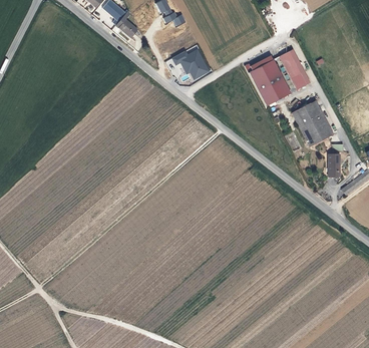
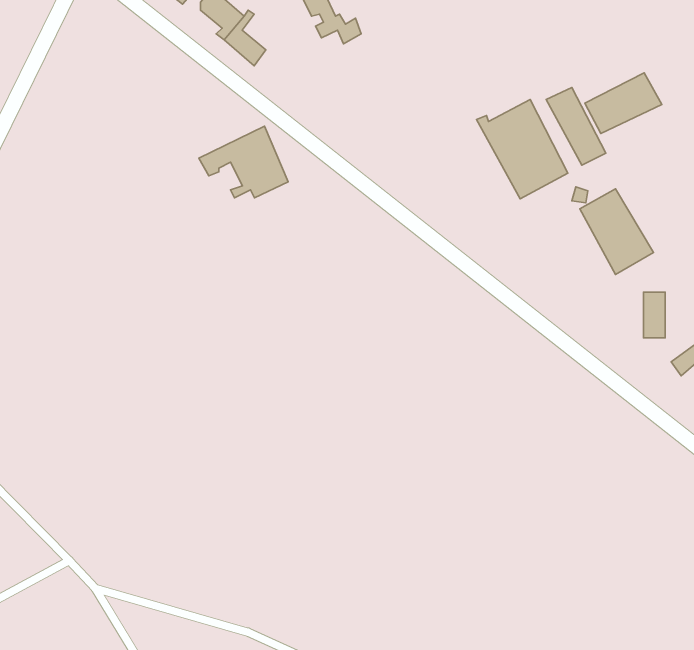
building: none -> [585,73,662,133]
building: [164,45,210,81] -> [199,126,288,198]

